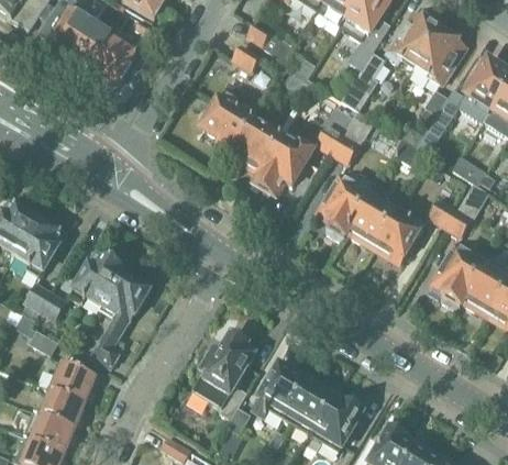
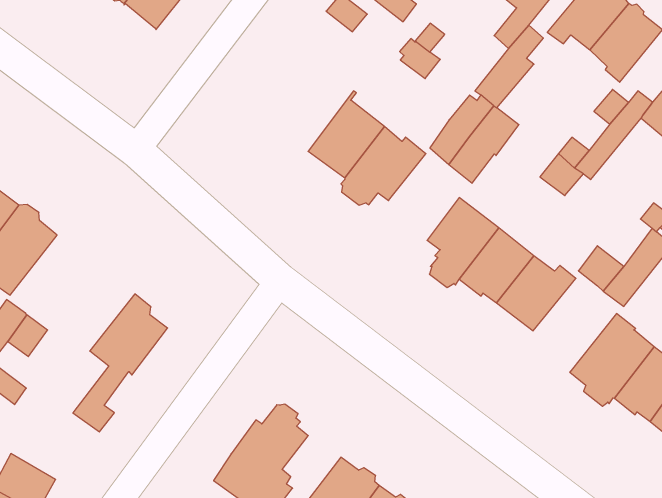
building: [199,84,257,157] -> none
building: [69,253,123,312] -> none
building: [51,363,95,403] -> none

